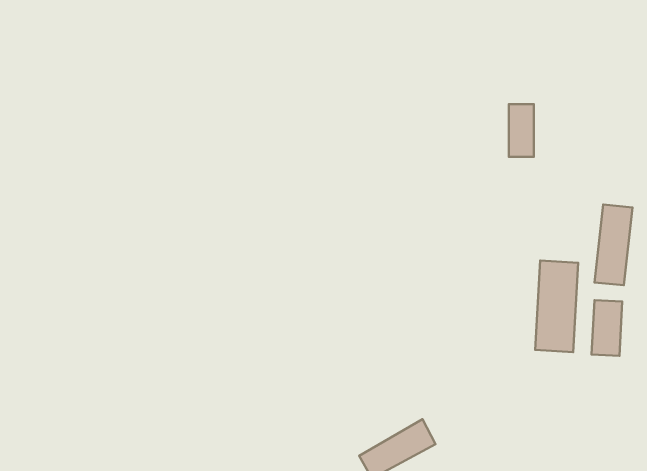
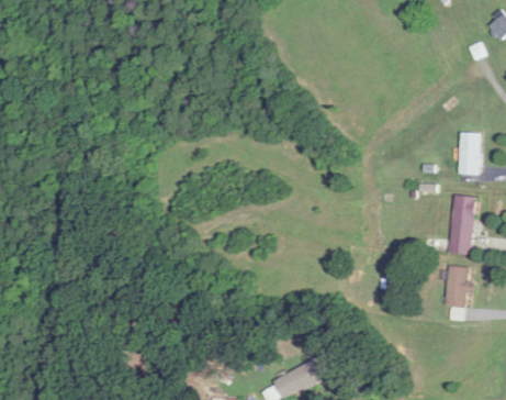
building: [509,104,534,157] -> [460,134,479,174]
building: [535,260,578,352] -> none

